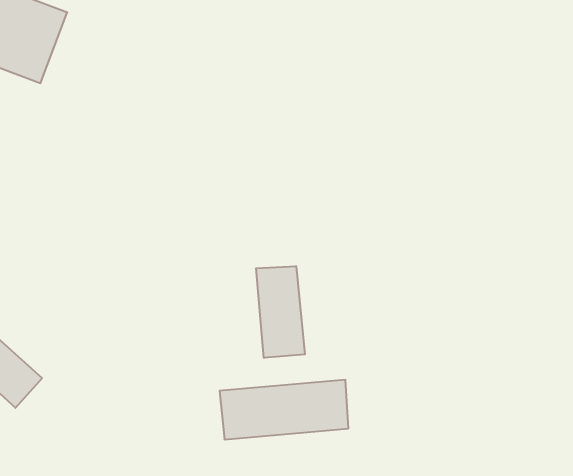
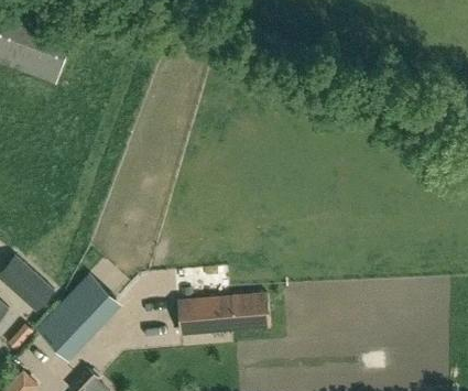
building: [256,266,305,358] -> none
building: none -> [36,274,116,355]

